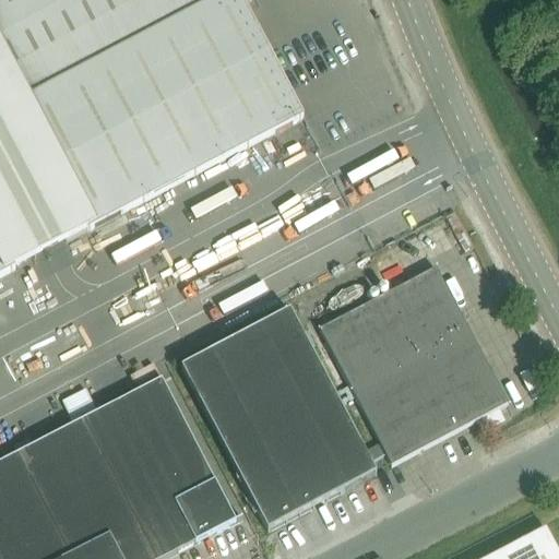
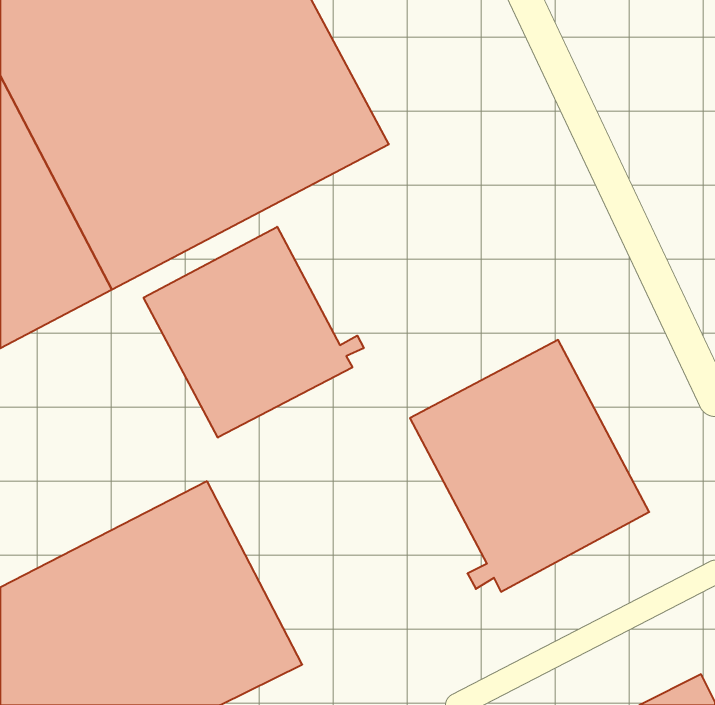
building: none -> [144,227,364,438]
building: [181,308,377,527] -> none

